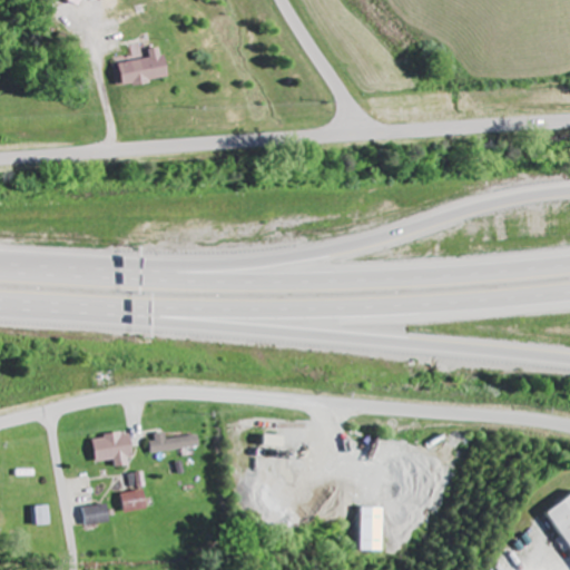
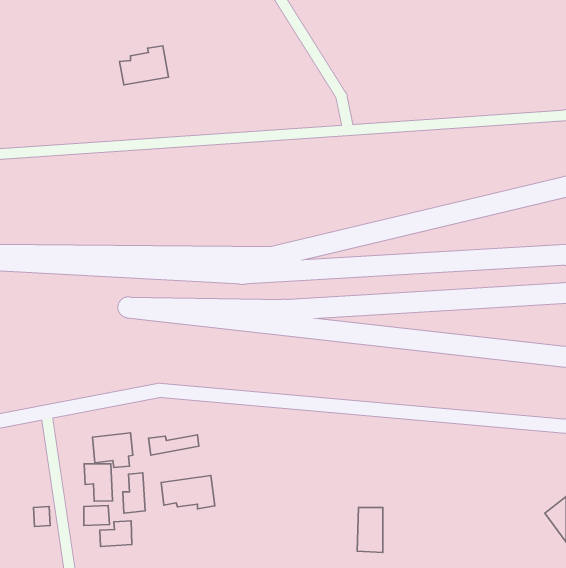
building: none -> [84,464,112,501]
building: none -> [161,476,215,509]
building: none -> [100,521,132,546]

